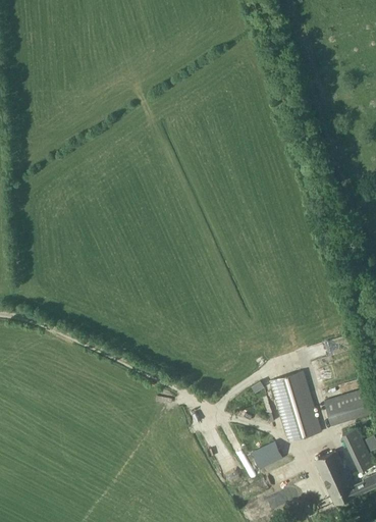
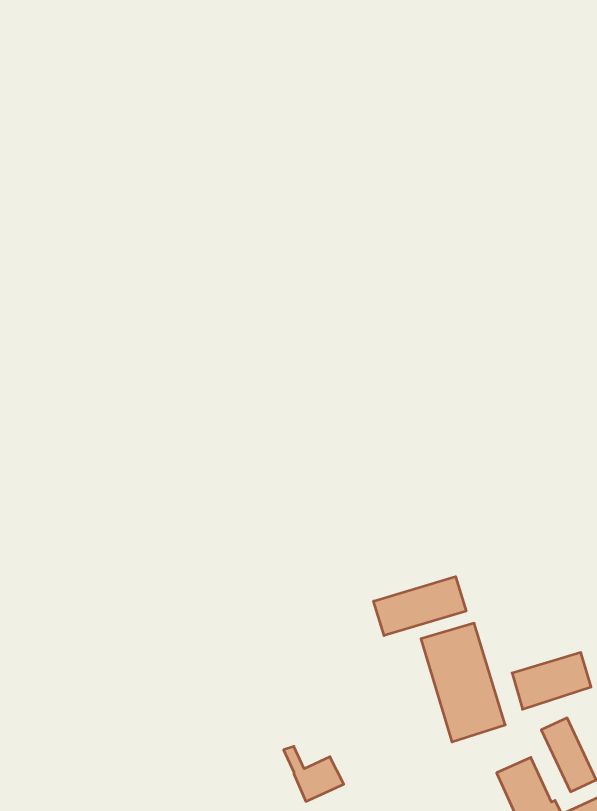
building: none -> [374,577,466,636]
building: [247,436,282,469] -> [284,746,344,801]

